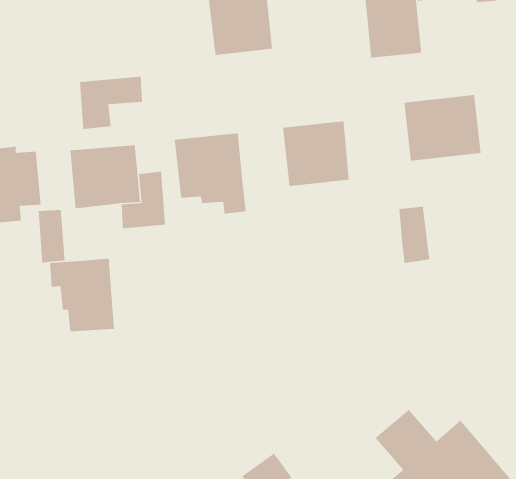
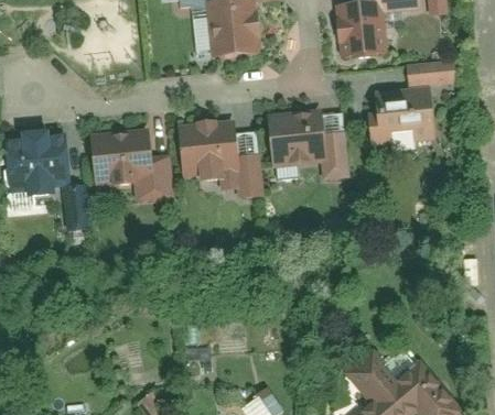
building: none -> [406,59,455,87]
building: [79,76,143,130] -> none
building: none -> [235,153,262,198]
building: [398,206,430,264] -> [322,131,348,179]
building: [49,258,115,332] -> none

